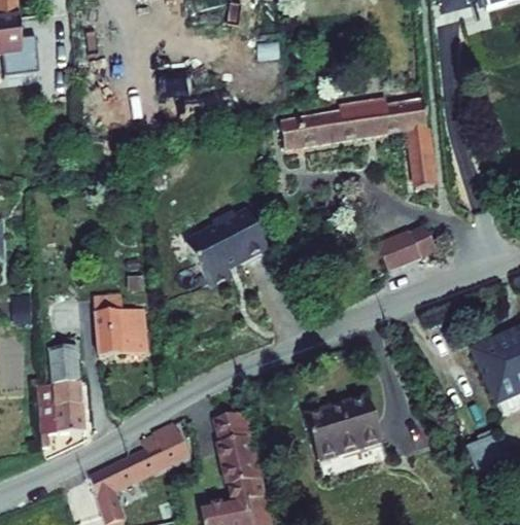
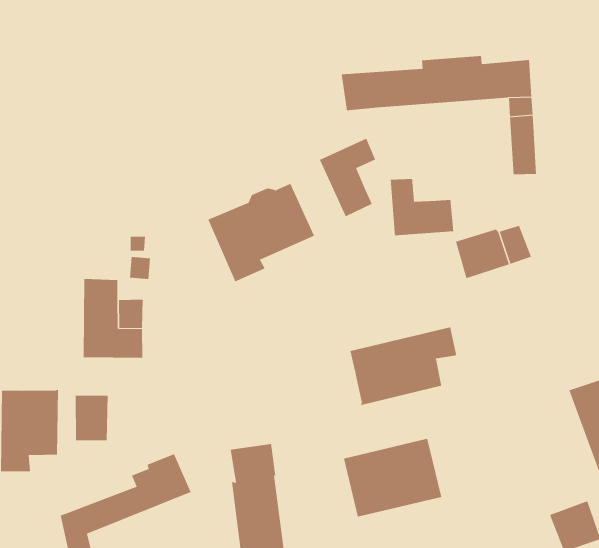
building: none -> [319,138,376,217]
building: none -> [390,178,454,236]
building: none -> [350,326,457,406]
building: [50,346,78,383] -> [75,395,108,441]

